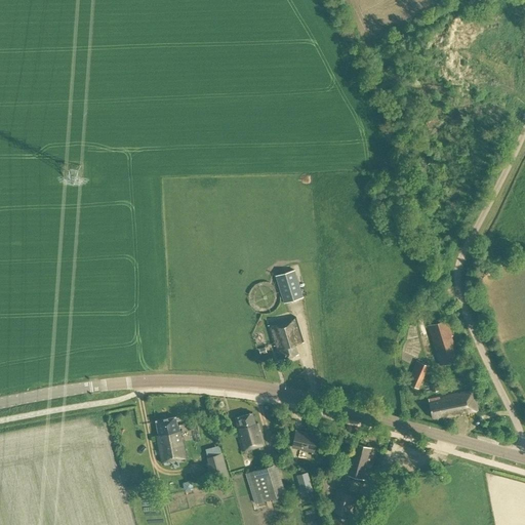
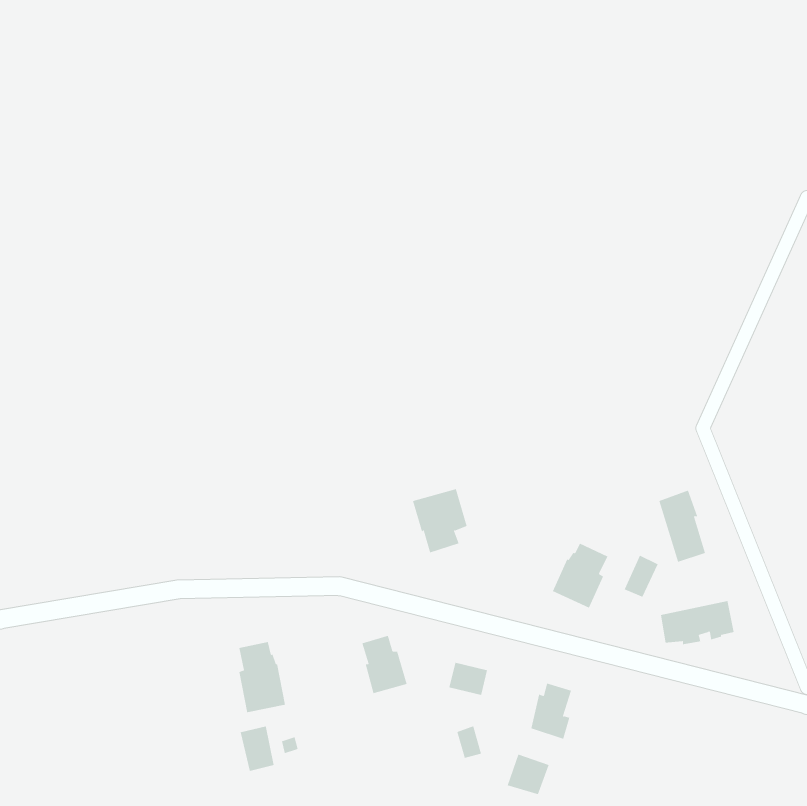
building: [274,270,301,302] -> none
building: none -> [552,543,608,608]
building: [205,451,228,481] -> [240,726,275,772]
building: [246,462,286,507] -> none

